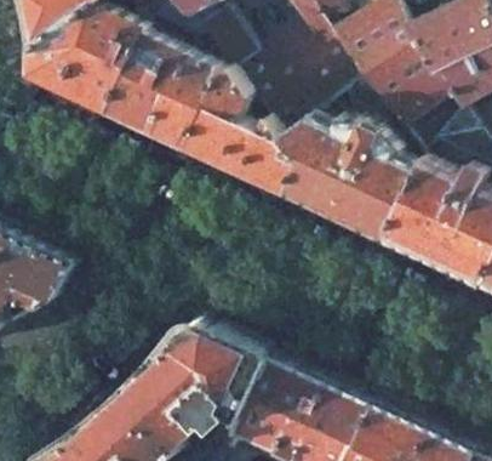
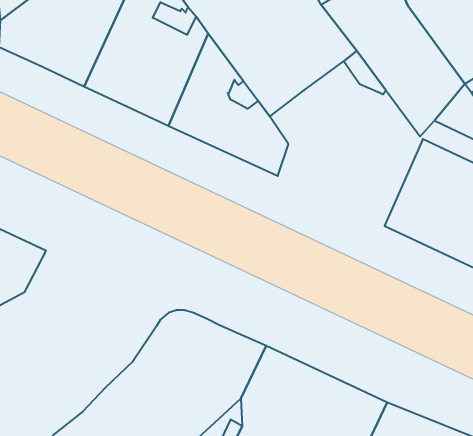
building: [270,116,411,241] -> none

